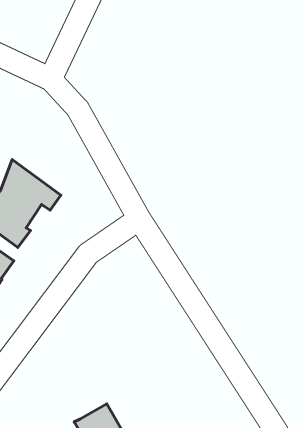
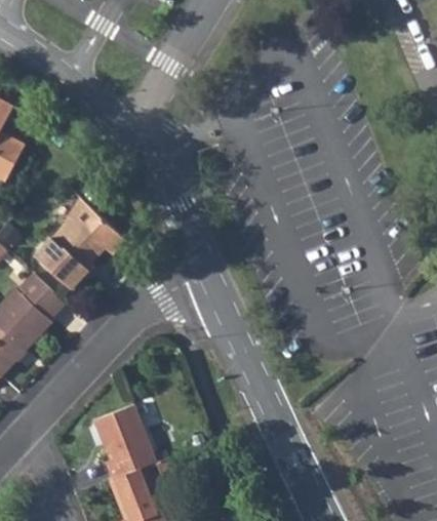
building: none -> [96,406,157,479]

